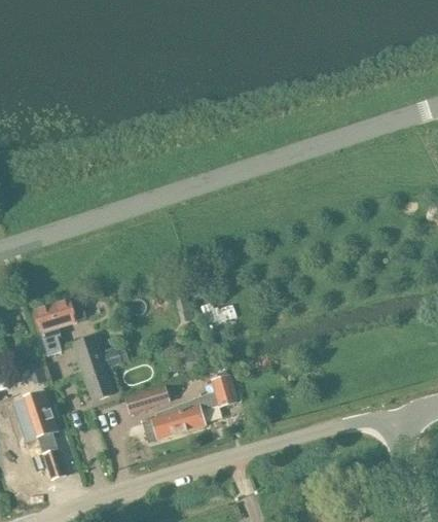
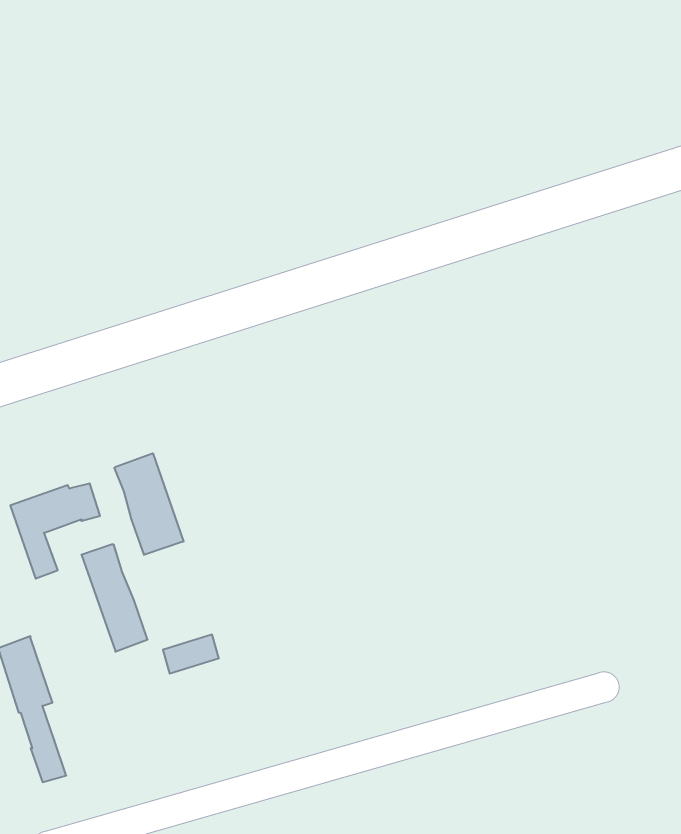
building: none -> [114,453,184,555]
building: [142,377,236,442] -> none

